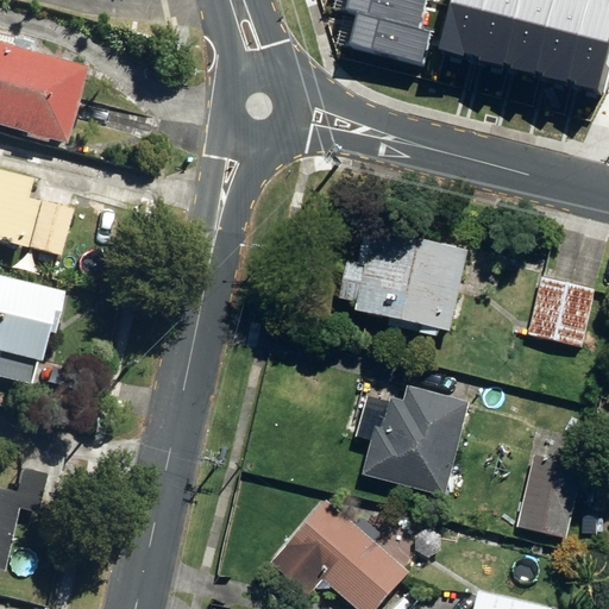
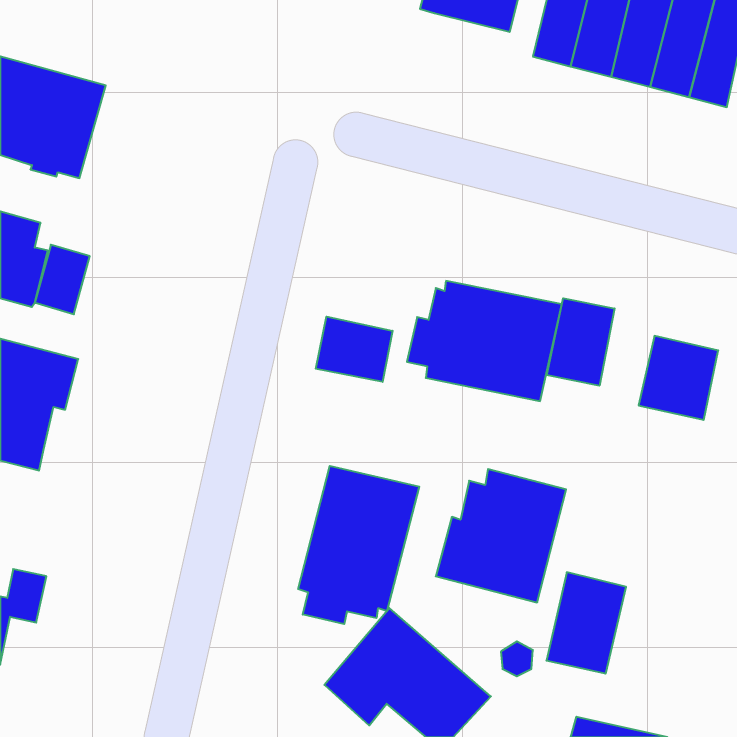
building: [351,11,433,61] -> none
building: none -> [547,298,615,386]
building: none -> [316,317,393,382]
building: none -> [298,466,419,624]
building: [516,453,582,536] -> [546,572,626,674]

